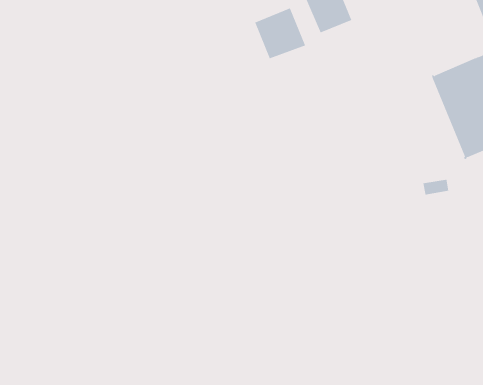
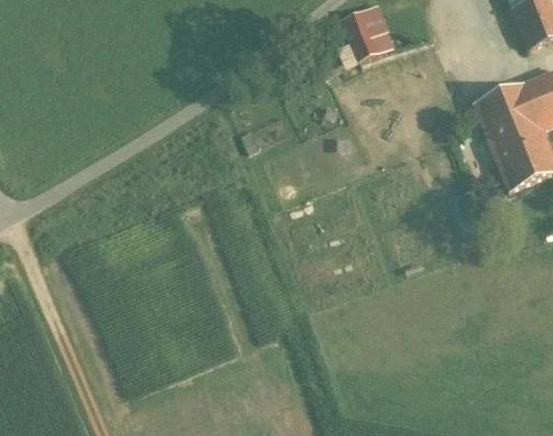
building: [254,8,306,59] -> none

